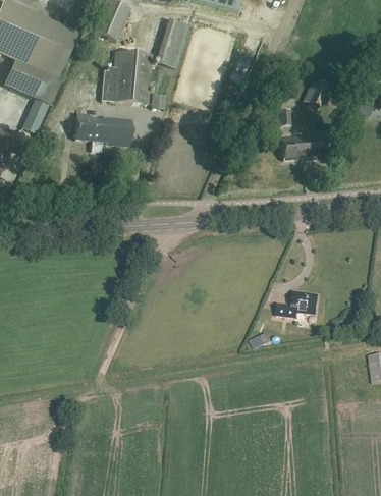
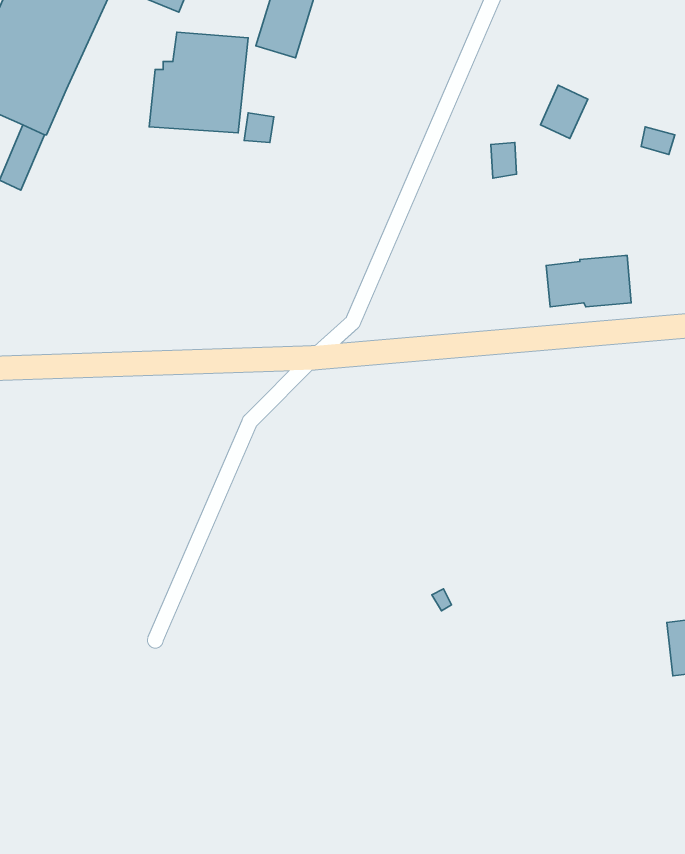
building: [75,111,132,144] -> none
building: [282,131,326,158] -> [546,256,631,307]
building: [276,290,317,316] -> none

